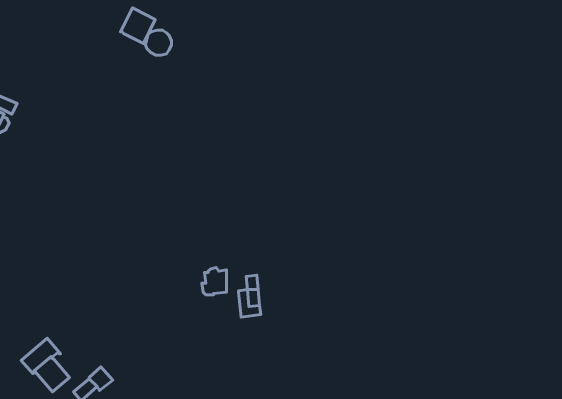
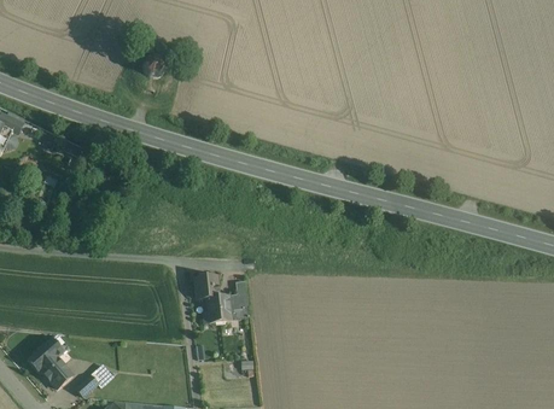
building: [121,8,155,44] -> none
building: none -> [204,294,231,322]

